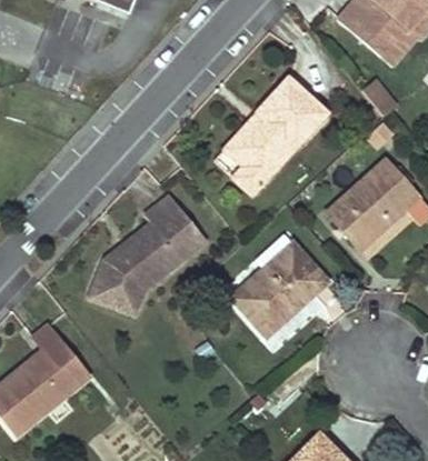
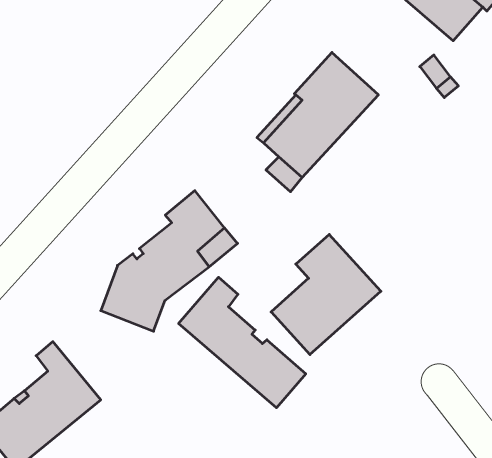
building: [329,160,420,248] -> none
building: none -> [179,277,306,408]

